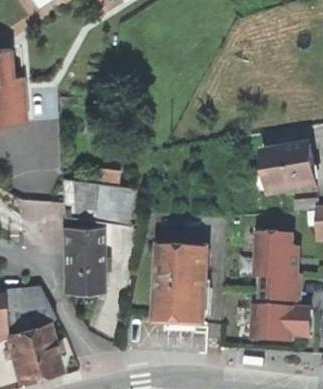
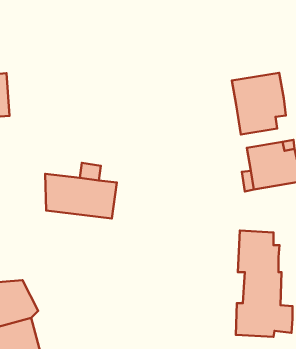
building: none -> [232,73,286,135]
building: [64,225,102,291] -> none
building: [157,247,209,326] -> none

